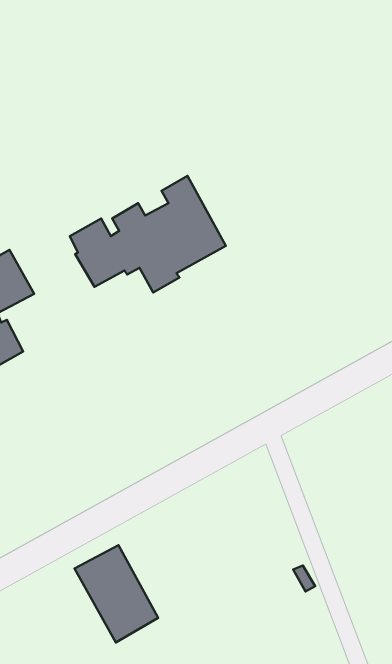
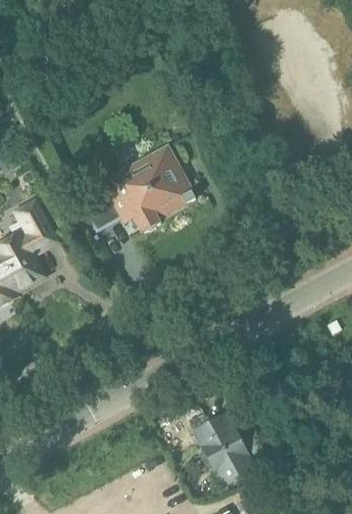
building: [75,545,158,643] -> [193,413,255,485]

